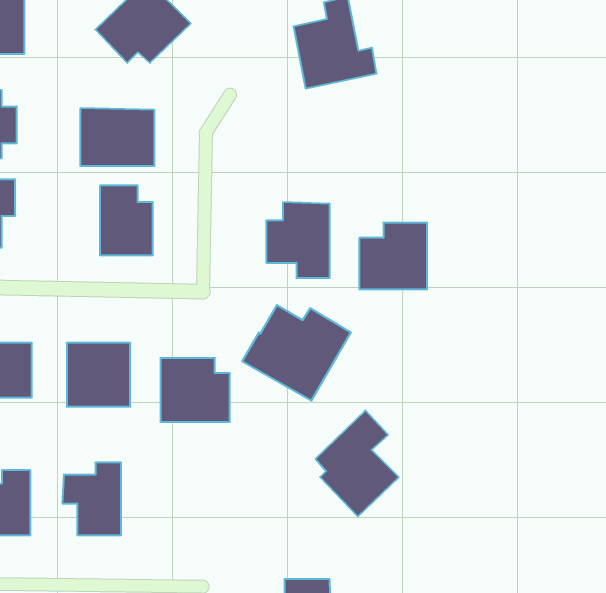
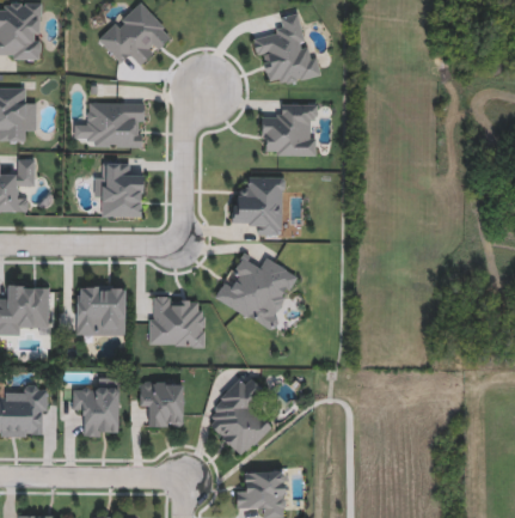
building: [359,223,427,289] -> [263,102,317,154]
building: [316,410,399,516] -> [207,376,272,459]
building: none -> [140,382,183,428]

